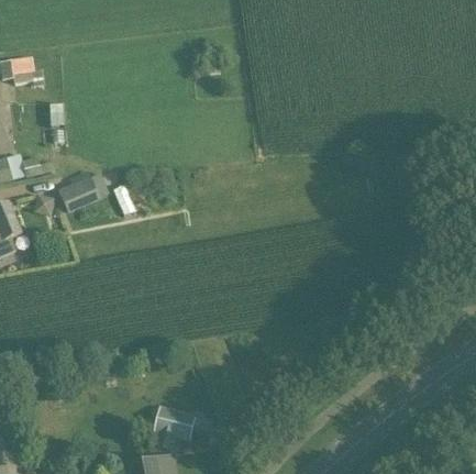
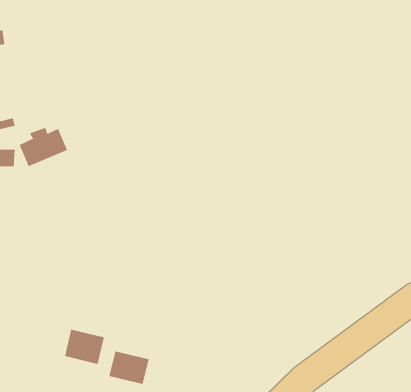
building: none -> [64,329,105,365]

